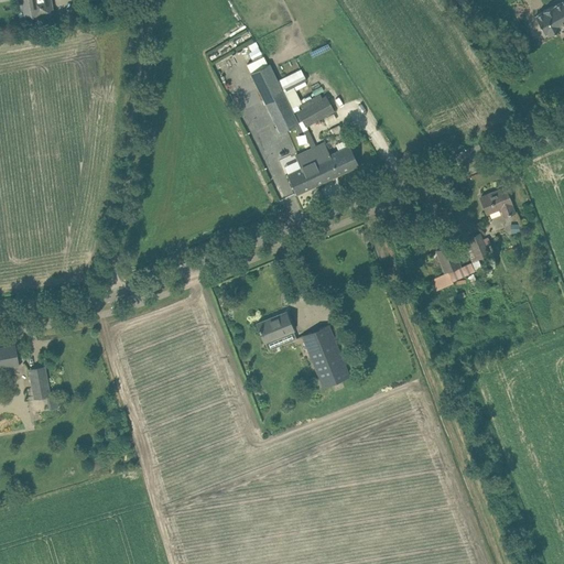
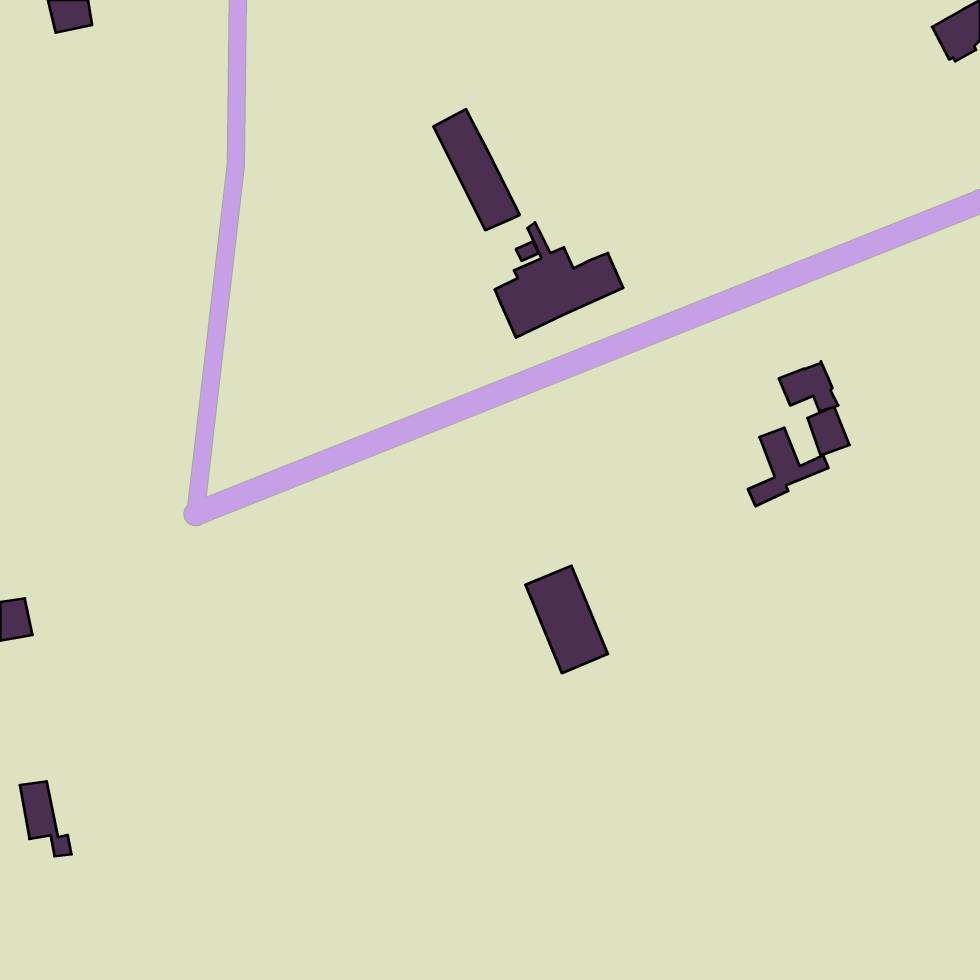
building: [279,72,334,131] -> none
building: [480,187,514,216] -> [779,361,838,411]
building: [257,312,296,350] -> none
building: [29,366,58,409] -> [20,781,72,856]

